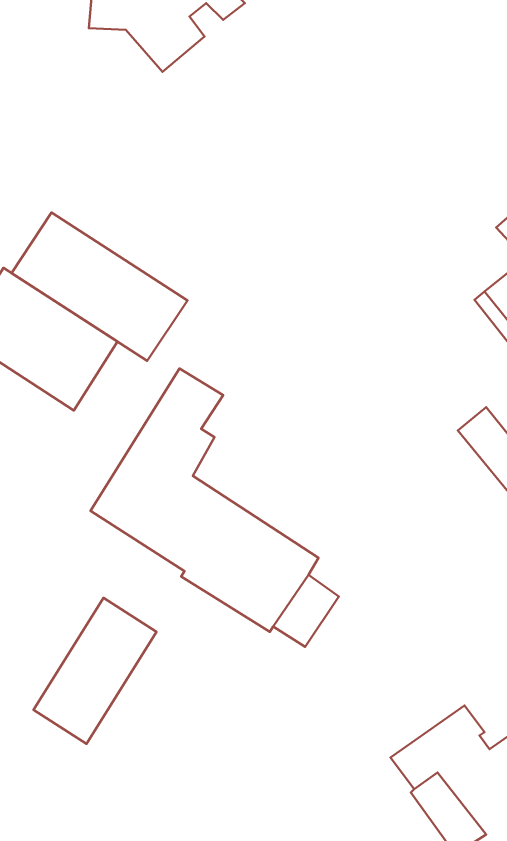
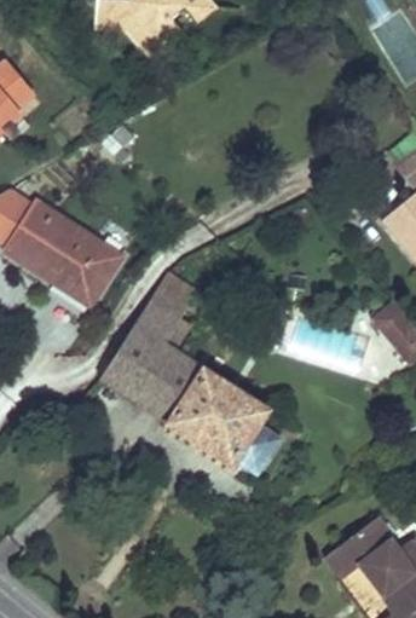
building: [11,213,187,361] -> none
building: [34,598,156,744] -> none

